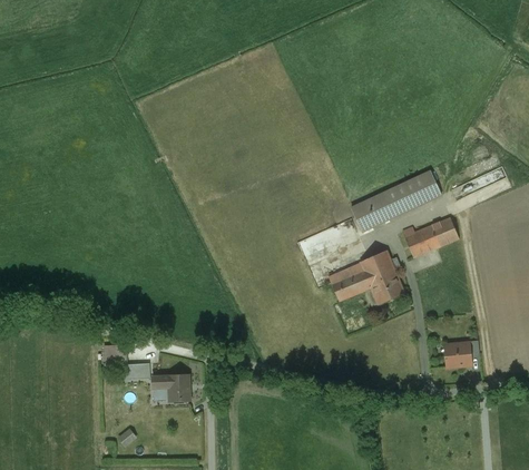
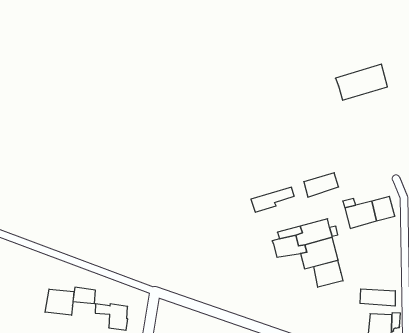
building: [382,170,439,215] -> [335,64,387,100]
building: none -> [314,260,343,287]
building: none -> [360,289,395,306]
building: none -> [45,289,74,315]

